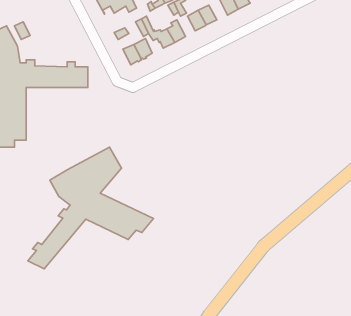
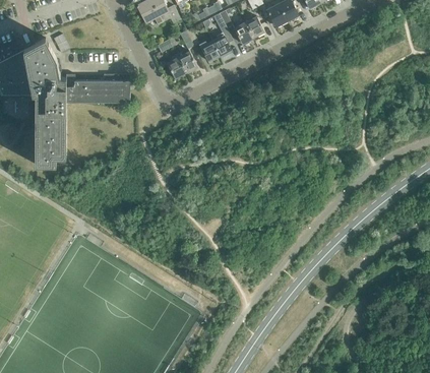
building: [28,147,154,269] -> none

